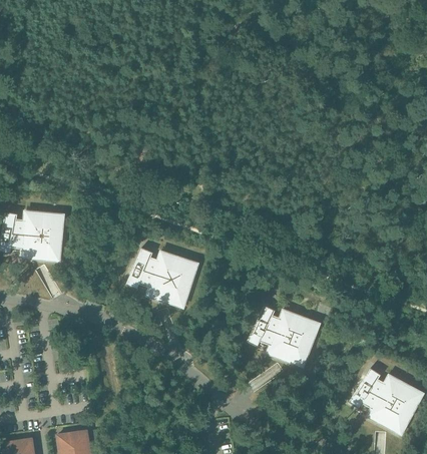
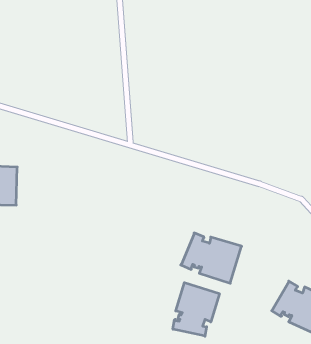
building: [127,248,198,307] -> none
building: none -> [173,283,219,336]

